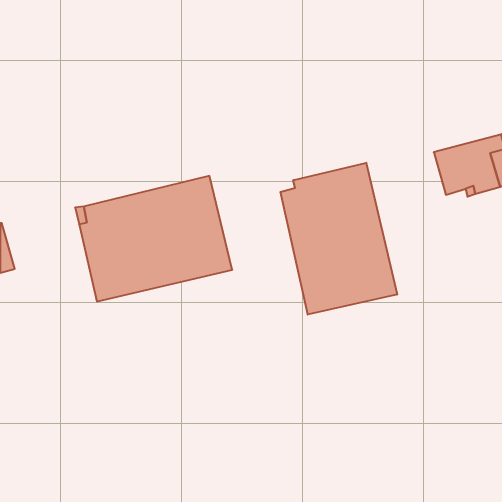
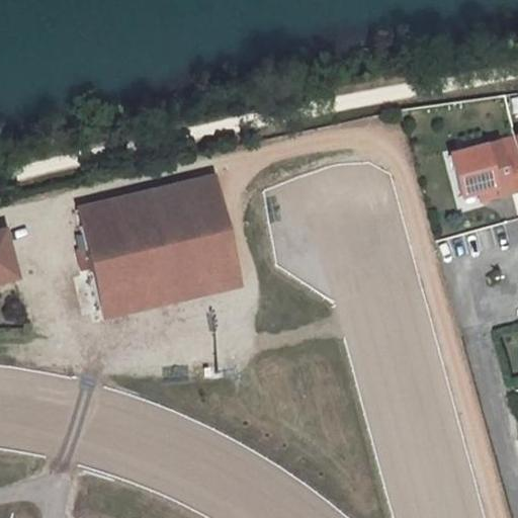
building: [280,163,397,315] -> none

